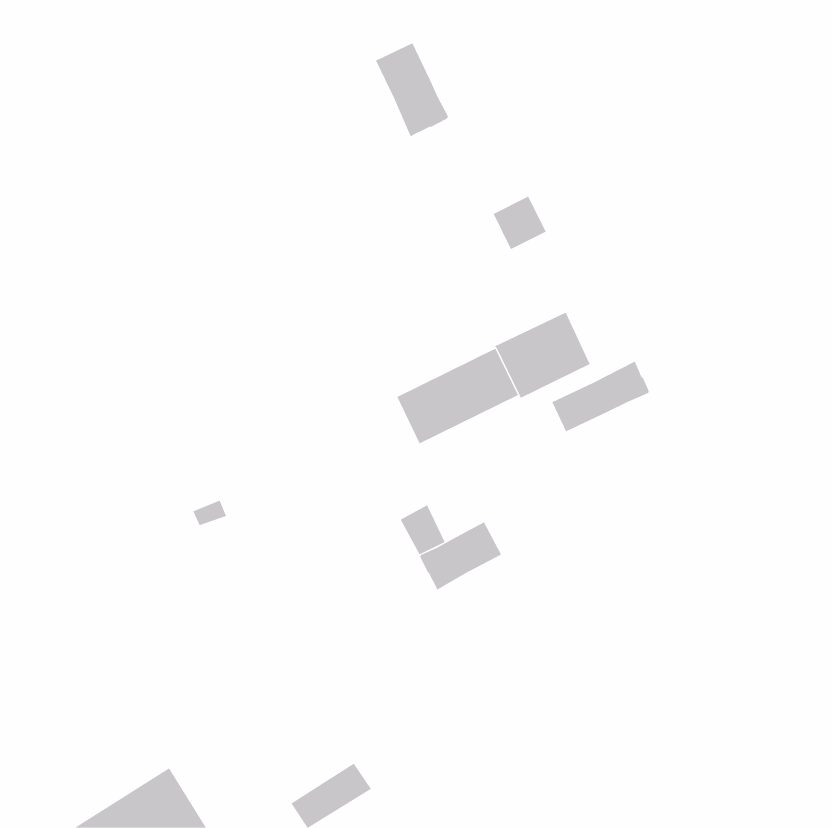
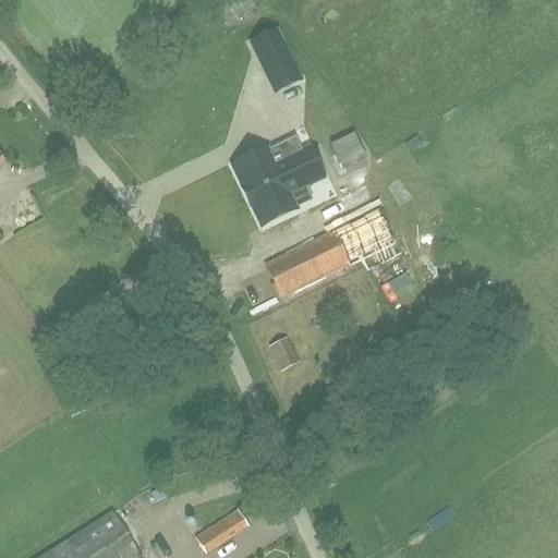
building: none -> [232,145,322,223]
building: [551,361,649,432] -> none
building: [420,522,502,590] -> none

